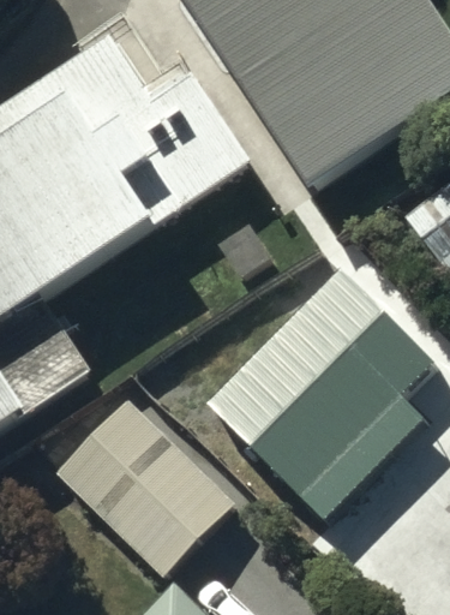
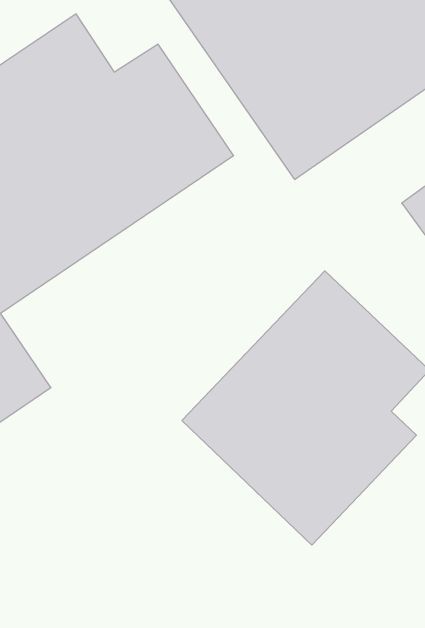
building: [59,402,226,568] -> none

